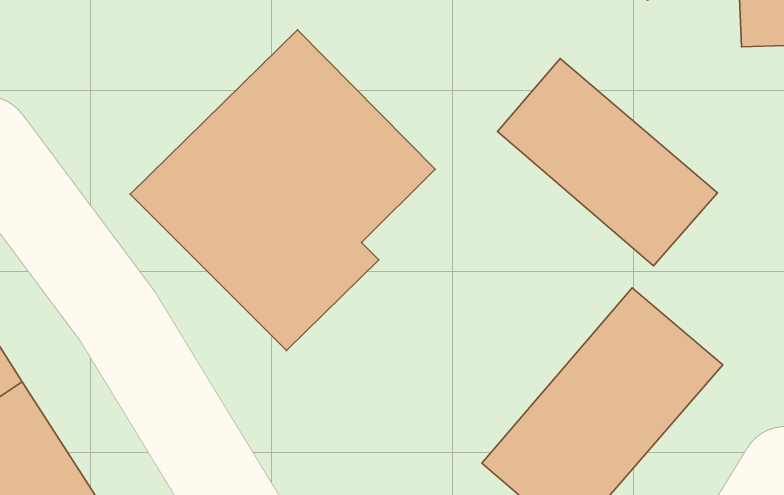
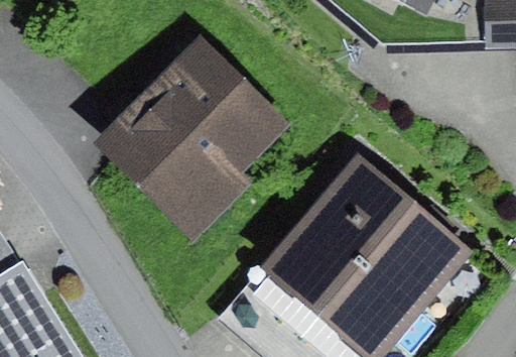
building: [497,59,717,266] -> none
building: none -> [261,153,414,315]

